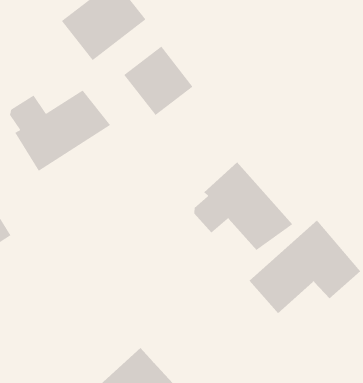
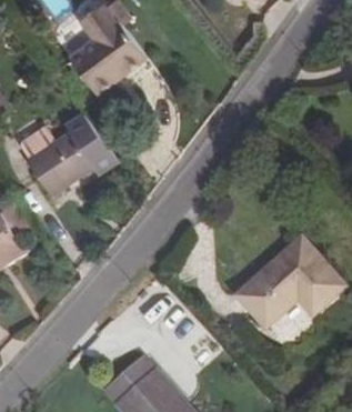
building: [123,46,194,116] -> none
building: [193,161,293,251] -> none

